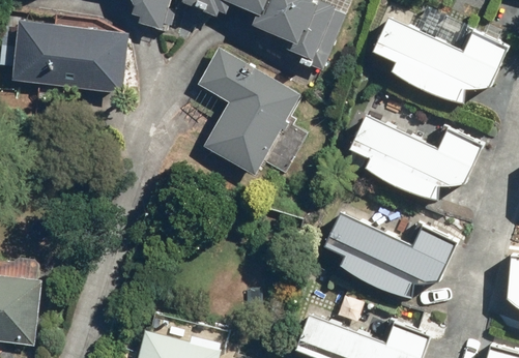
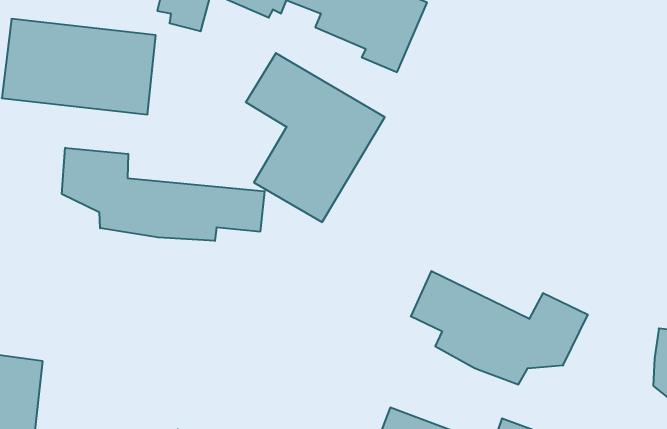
building: [372,19,504,105] -> none
building: [349,116,481,201] -> none
building: none -> [62,148,265,241]

